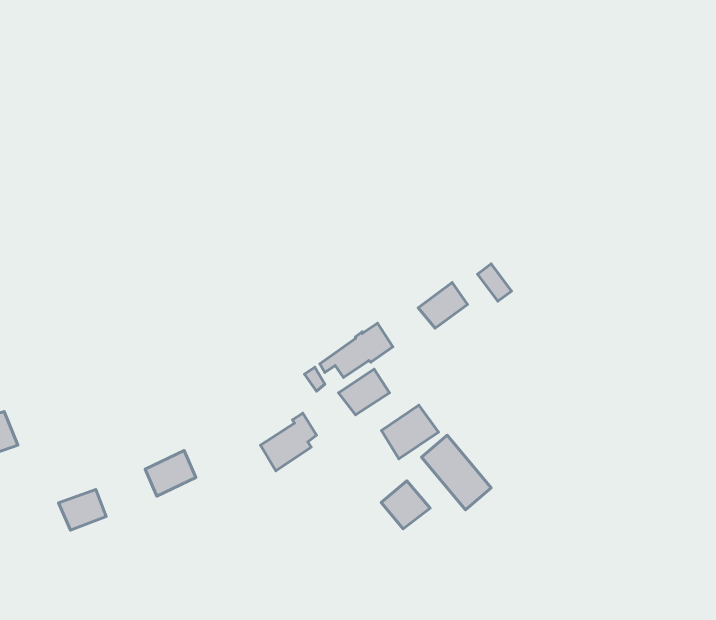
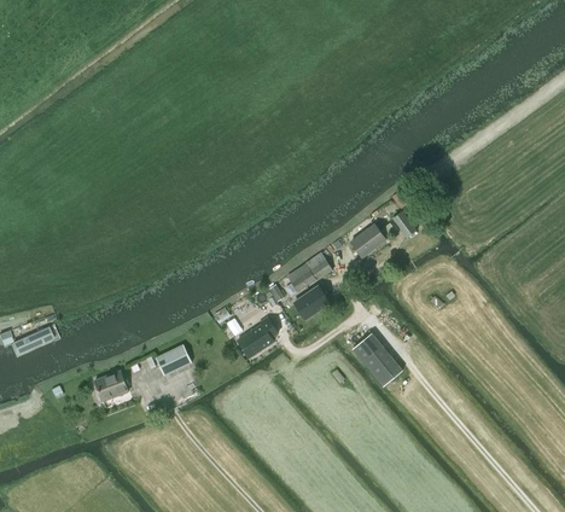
building: [382,405,438,459] -> none
building: [381,481,430,529] -> none

